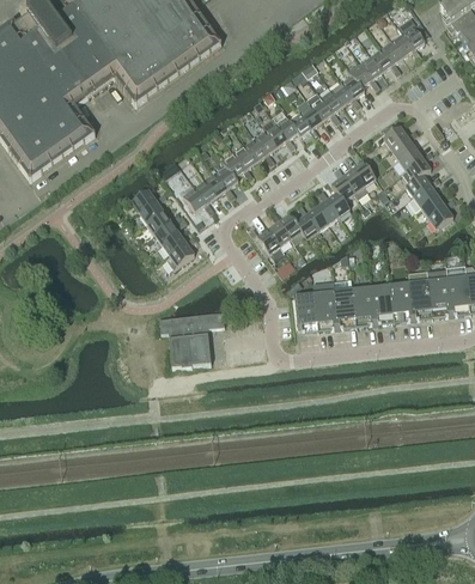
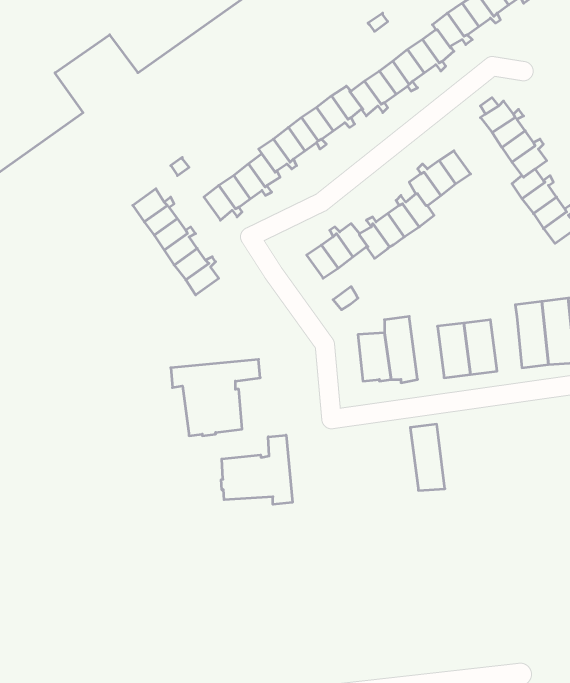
building: [331,278,357,326] -> [410,424,445,490]
building: [390,280,413,320] -> none
building: none -> [221,435,292,504]

